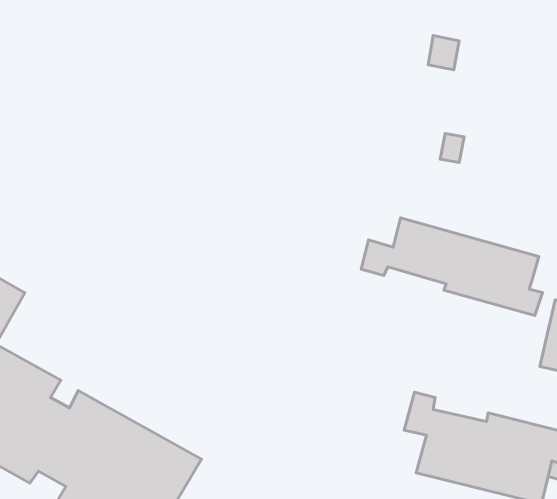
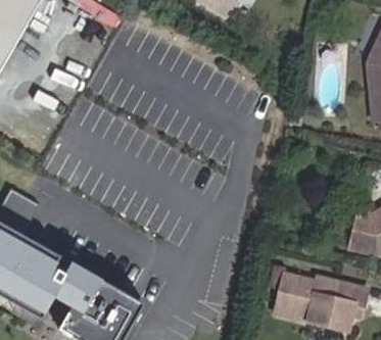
building: [361,218,543,316] -> none

